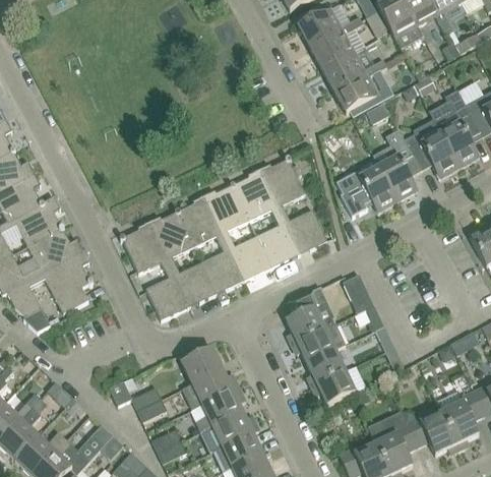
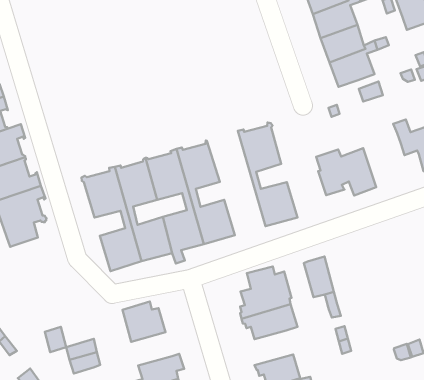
building: [379,128,419,200] -> none
building: [232,169,300,267] -> none
building: [307,349,346,386] -> none
building: [183,369,239,409] -> none

